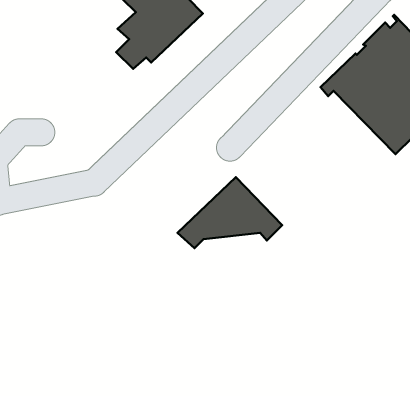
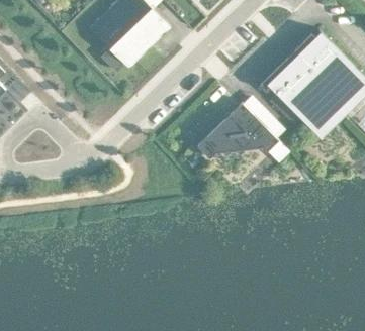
building: [178,177,282,248] -> [196,102,278,157]

